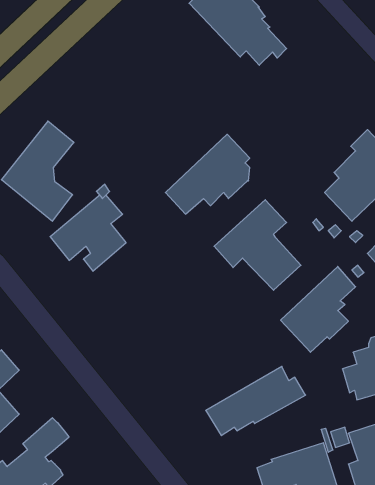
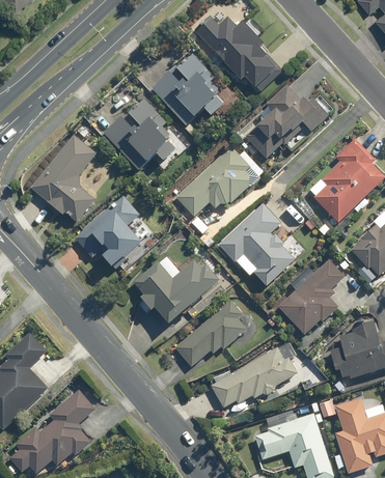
building: none -> [148,57,221,125]
building: none -> [243,85,330,159]
building: none -> [105,97,176,167]
building: none -> [135,259,220,322]
building: none -> [175,300,247,365]

